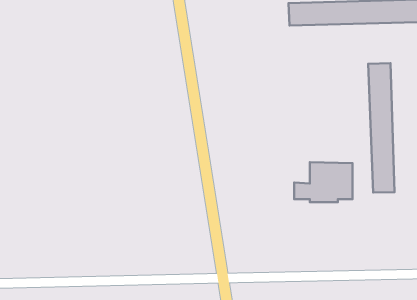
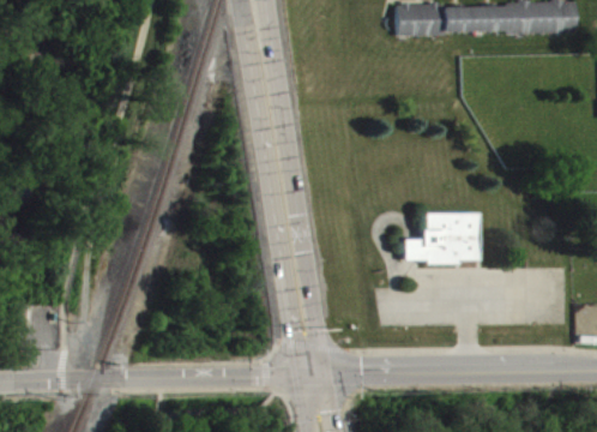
building: [368,63,395,193] -> none

